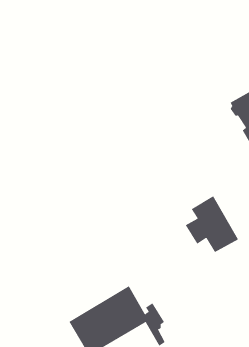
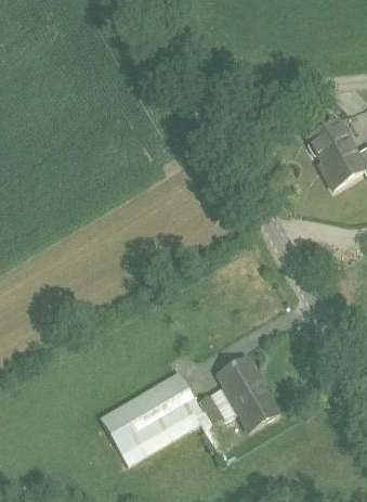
building: [185,196,239,253] -> [211,356,280,429]

